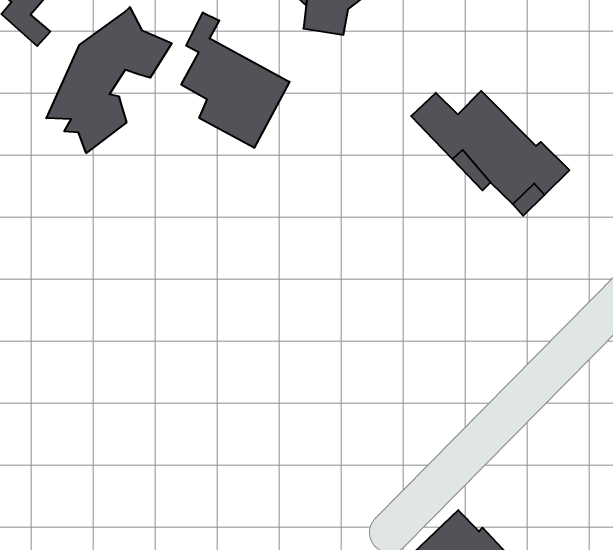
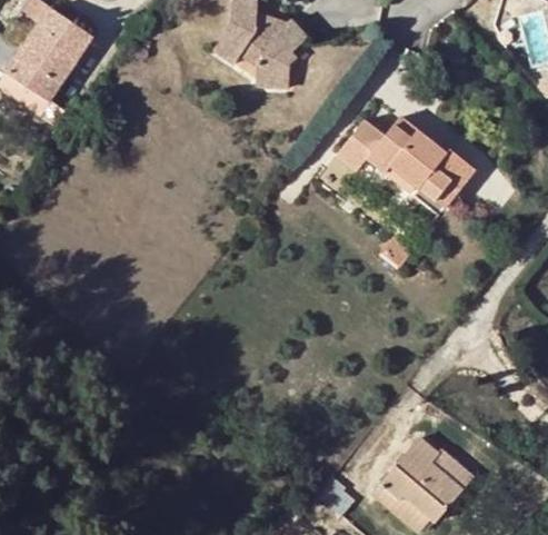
building: [46,7,172,153] -> none
building: [181,12,290,148] -> none

